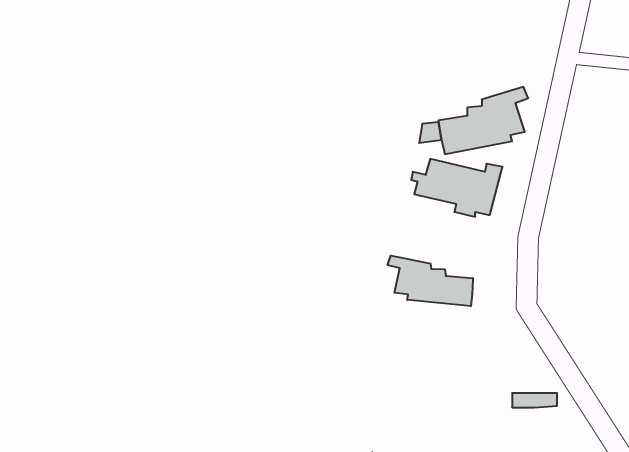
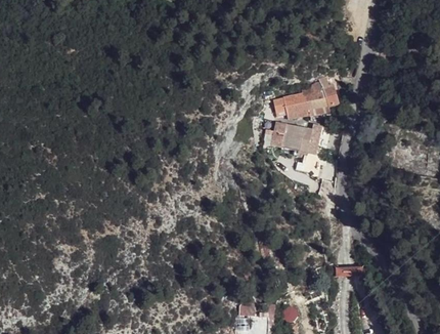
building: [388,256,473,306] -> none

